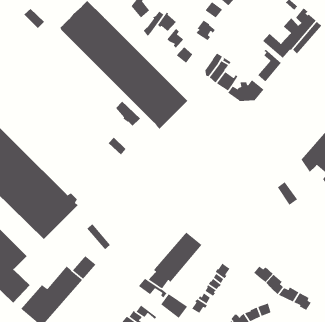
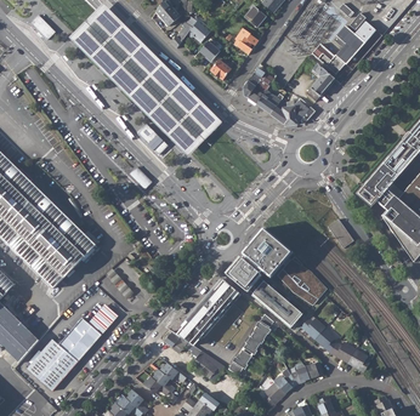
building: none -> [227,229,328,326]

